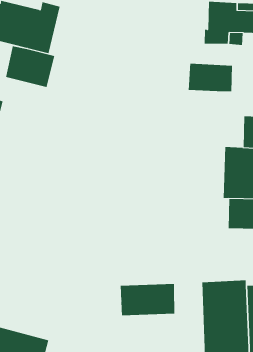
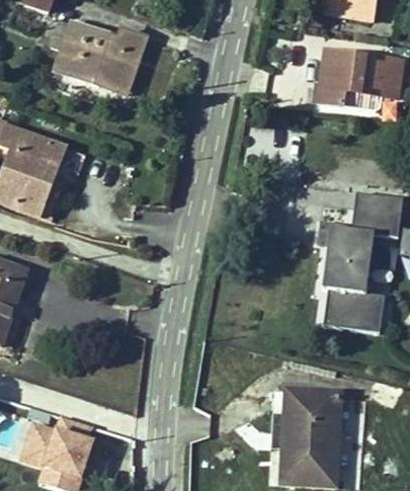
building: [5,46,55,88] -> none
building: [188,63,232,92] -> none
building: [120,283,175,316] -> none

